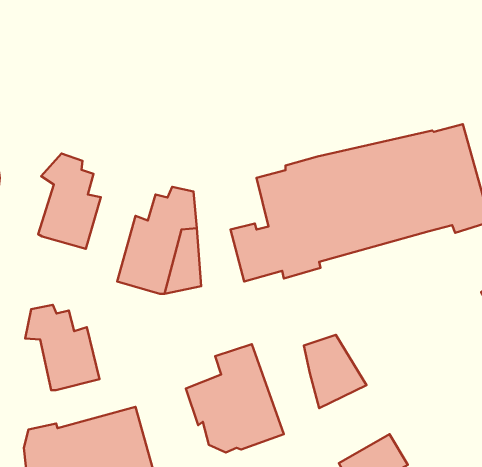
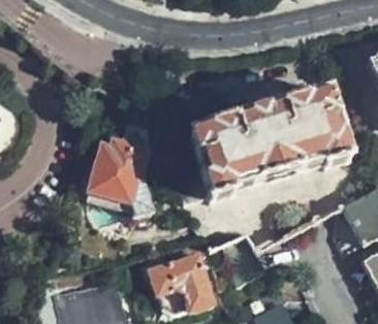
building: [38,154,101,249] -> none
building: [25,305,99,390] -> none

